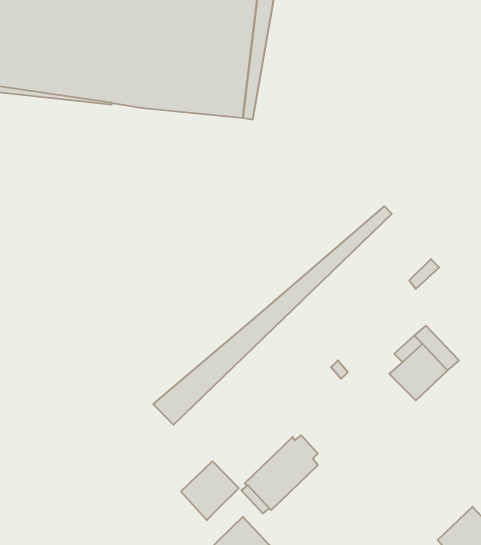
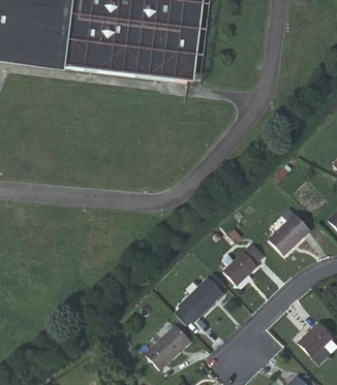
building: [153,206,392,425] -> none
building: none -> [226,245,267,289]
building: [181,461,239,520] -> none

